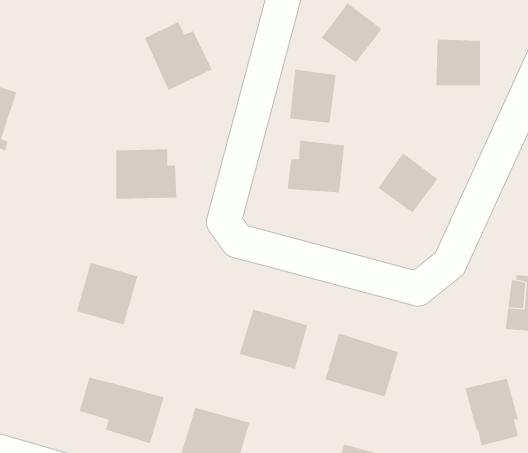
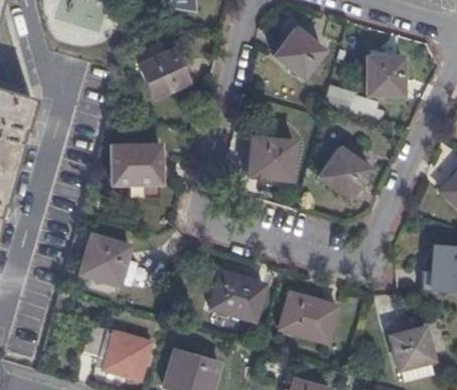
building: [290,69,336,123] -> none

